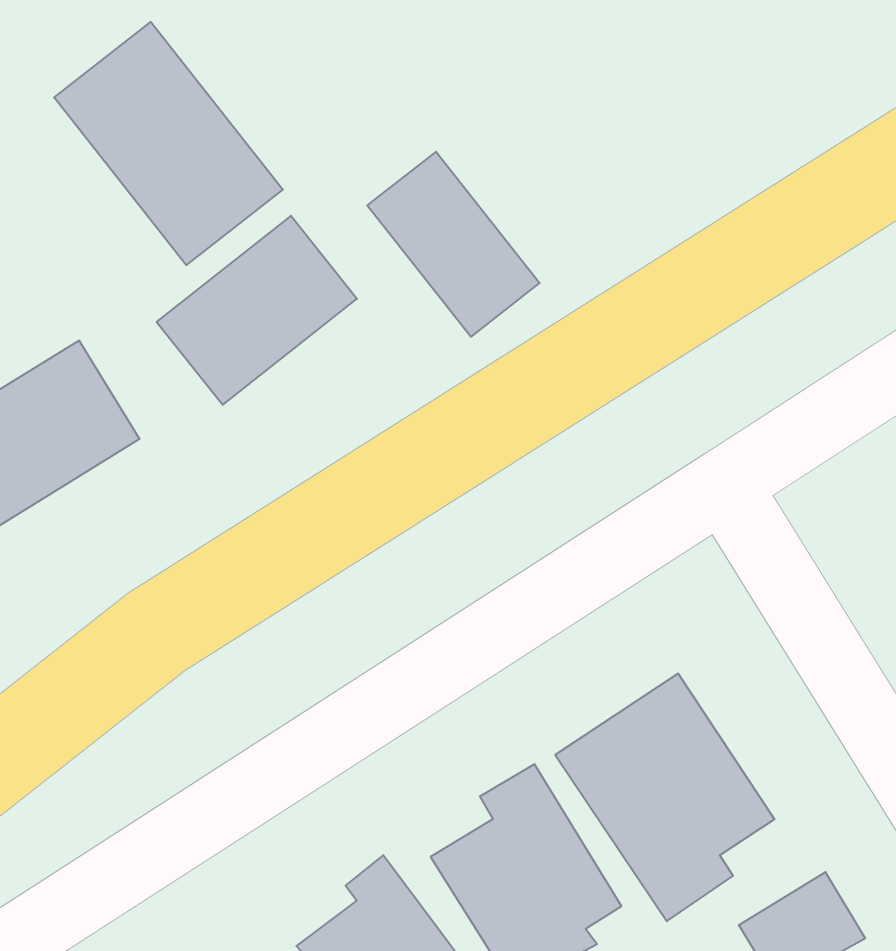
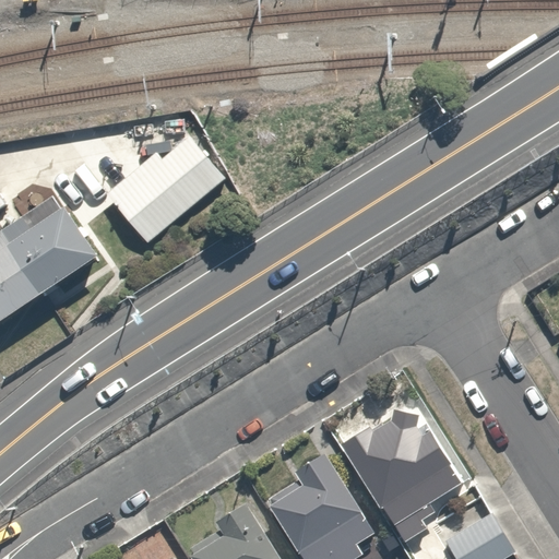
building: [54,22,283,265] -> none
building: [367,152,540,337] -> none

